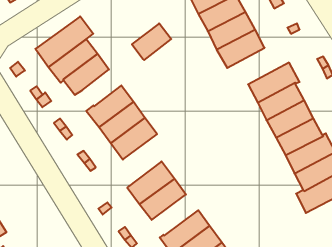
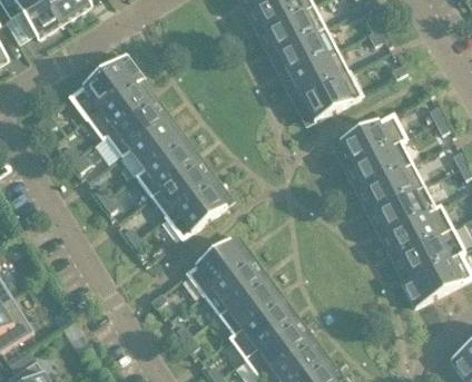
building: [132,23,171,60] -> [128,123,178,169]
building: none -> [217,282,276,334]

